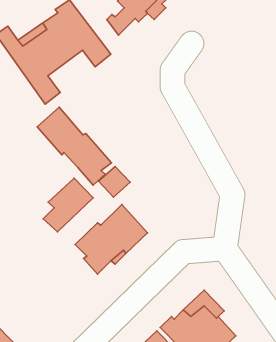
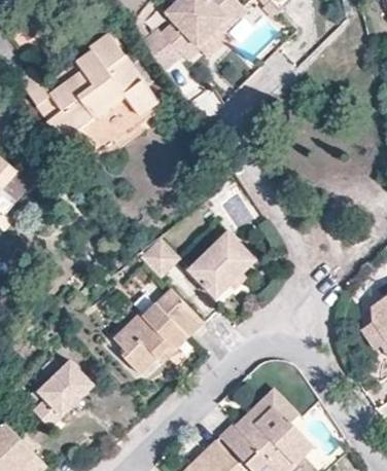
building: [37,107,111,185] -> none
building: none -> [189,231,255,297]
building: [43,178,93,232] -> [33,359,95,426]

